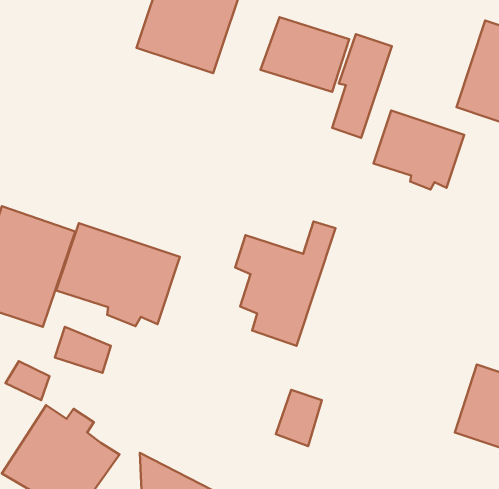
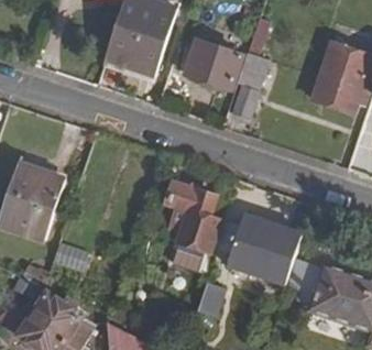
building: [374,110,464,190] -> none
building: [56,223,180,326] -> none
building: none -> [227,215,302,284]

